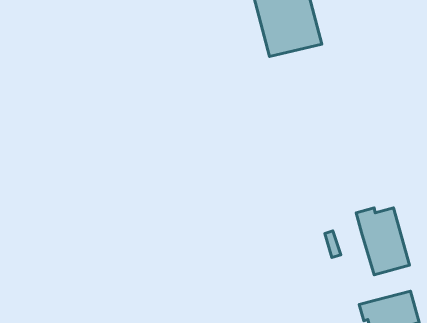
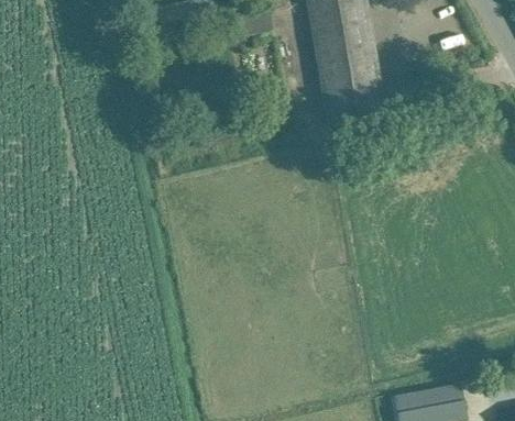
building: [356,208,409,275] -> none

